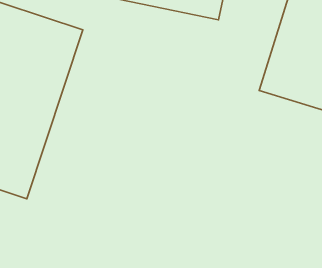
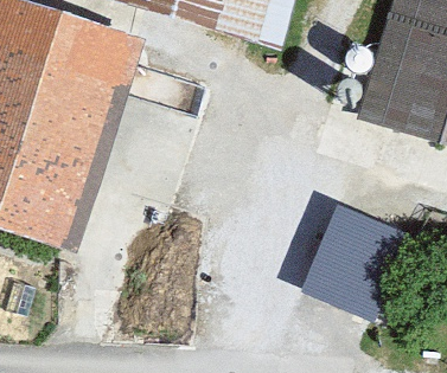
building: none -> [321,192,419,303]

